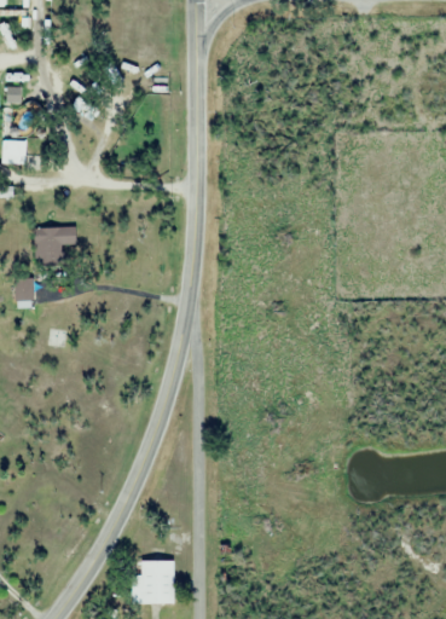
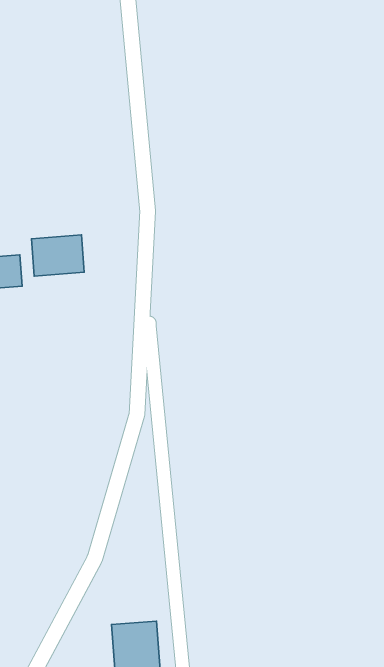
building: none -> [31,235,84,276]

